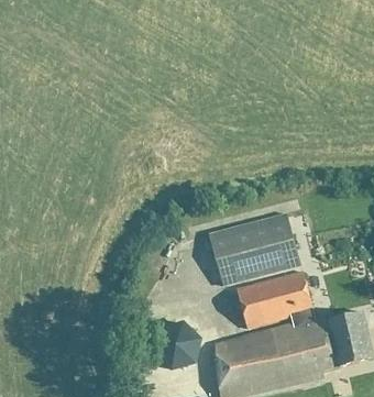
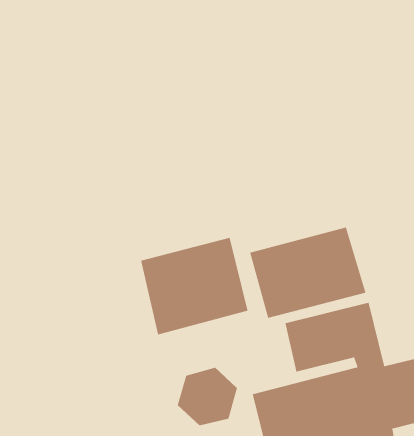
building: none -> [140,237,248,336]

